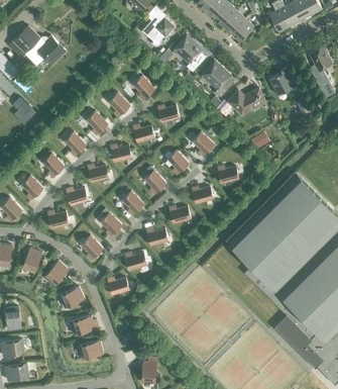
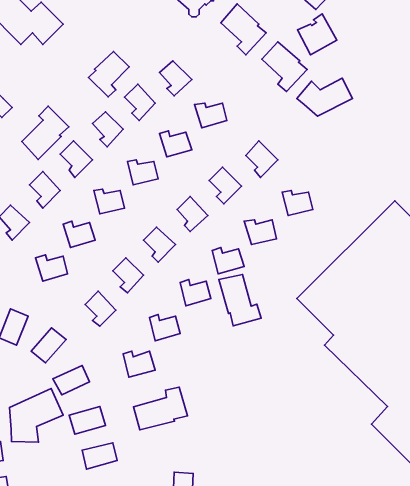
building: [268,67,296,95] -> [297,14,337,55]
building: none -> [88,51,129,97]
building: none -> [22,106,69,160]
building: none -> [219,274,261,326]
building: none -> [133,387,187,430]
building: none -> [9,388,63,442]

